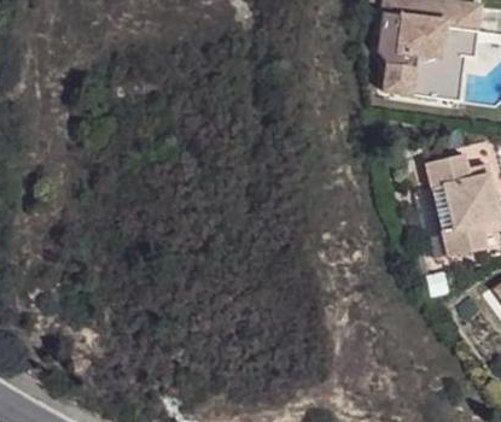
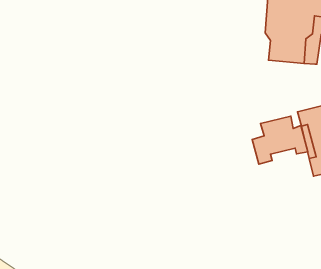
building: none -> [252,116,308,164]

